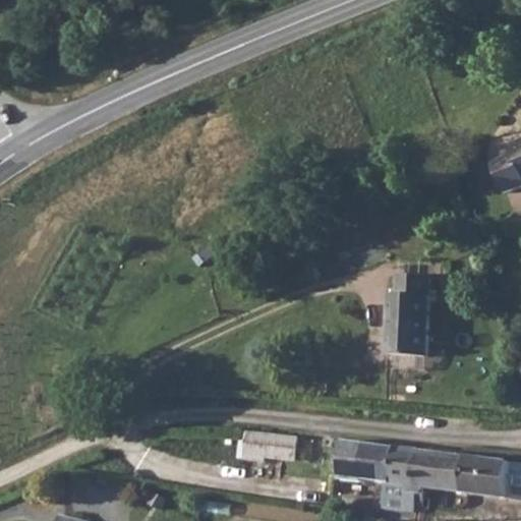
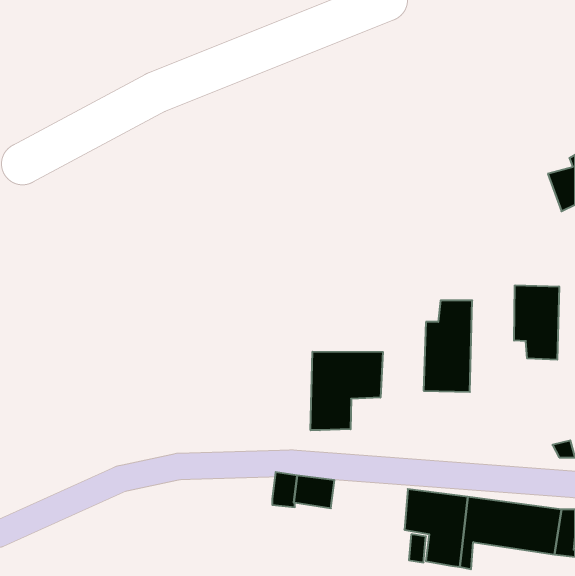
building: none -> [514,285,559,360]
building: none -> [311,352,383,430]
building: [343,439,367,480] -> none

